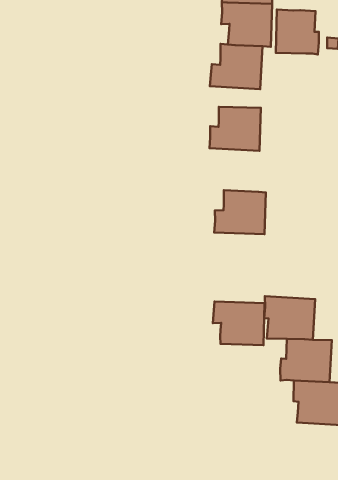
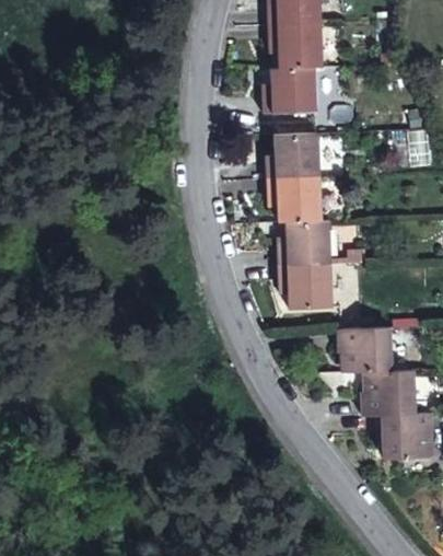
building: [276,9,319,55] -> none
building: none -> [268,177,323,222]
building: [213,301,265,345] -> [280,264,335,310]

